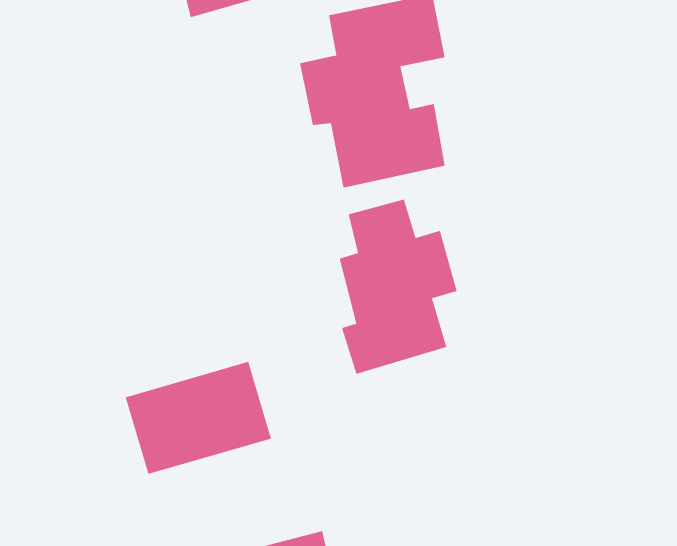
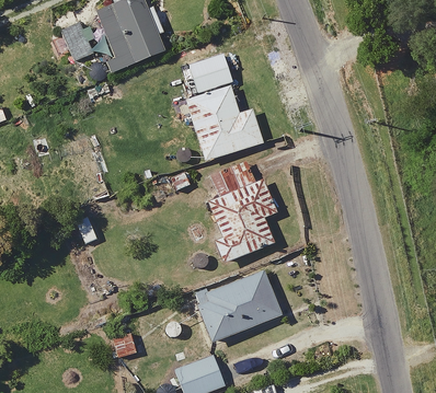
building: [125,361,272,474] -> [196,271,280,340]

